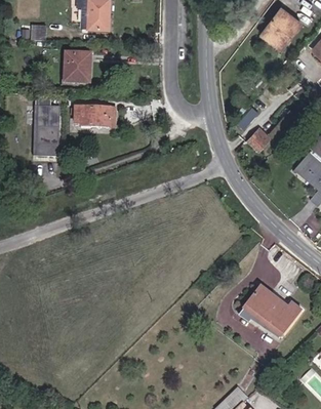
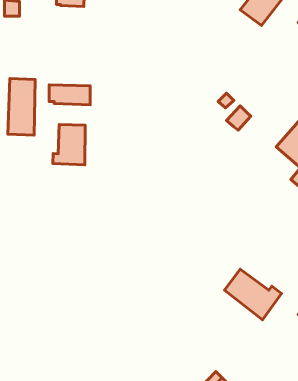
building: [63,52,90,83] -> none
building: none -> [53,125,85,165]

